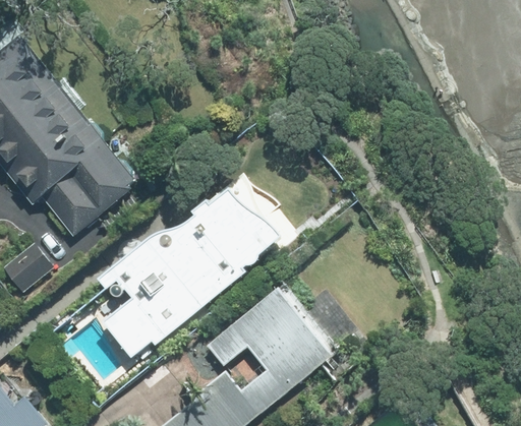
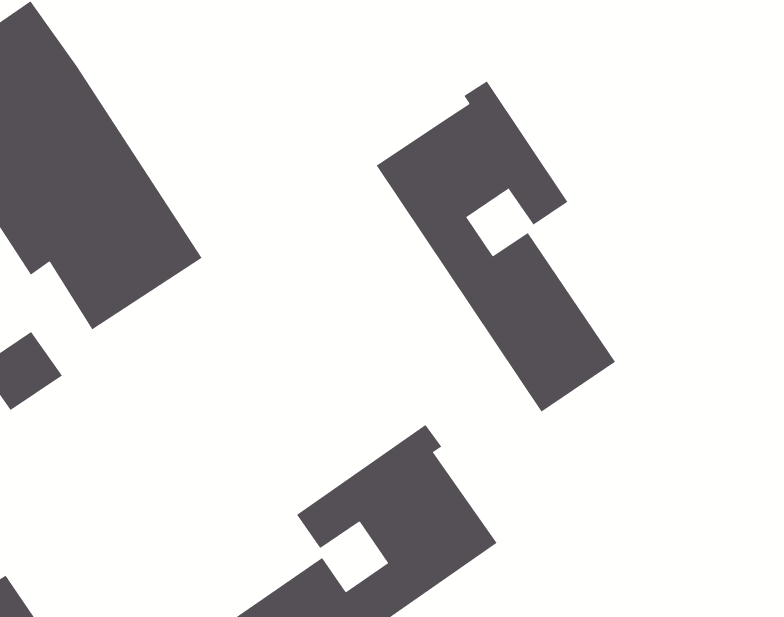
building: none -> [376,81,616,412]
building: [97,186,285,362] -> none

